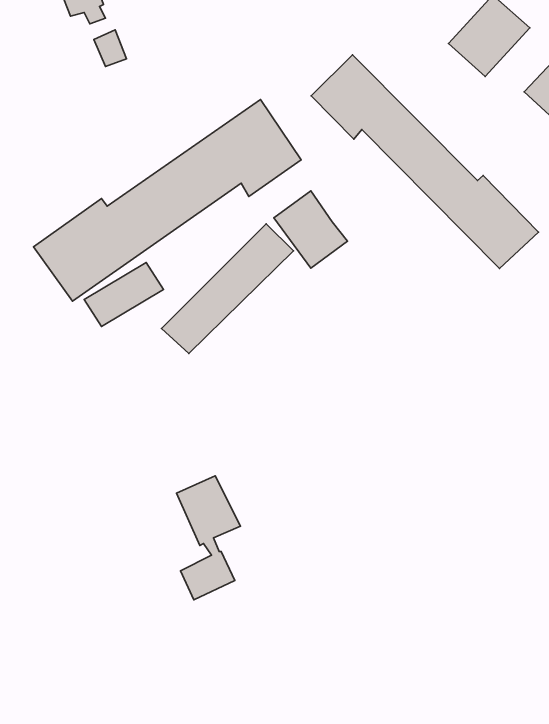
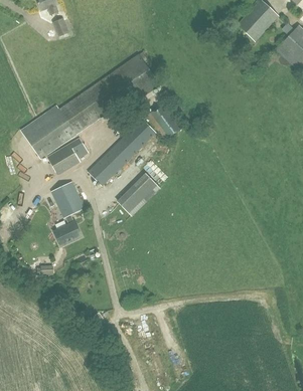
building: [311,55,539,269] -> none
building: none -> [119,174,160,215]
building: [177,476,240,600] -> [51,182,85,246]

